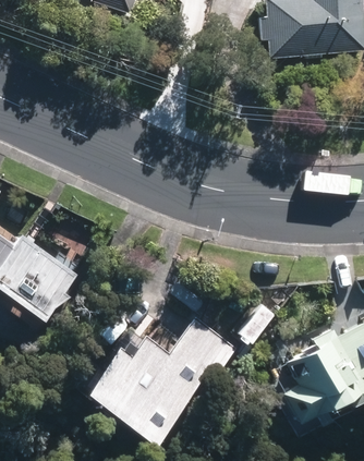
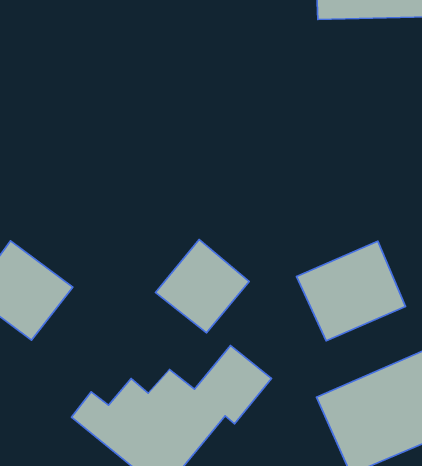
building: none -> [156,240,249,333]
building: none -> [297,241,405,341]

